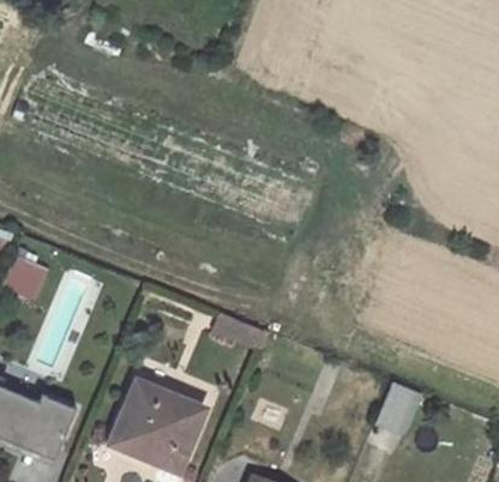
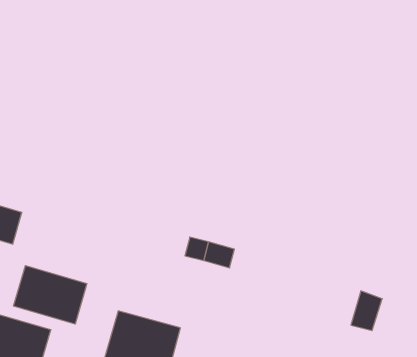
building: none -> [14,266,87,324]

